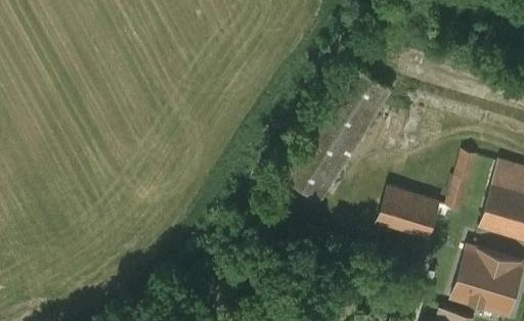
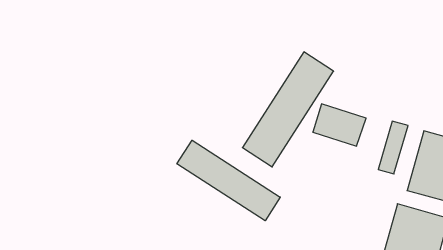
building: none -> [177,140,280,221]
building: [378,188,440,237] -> [313,104,366,146]

